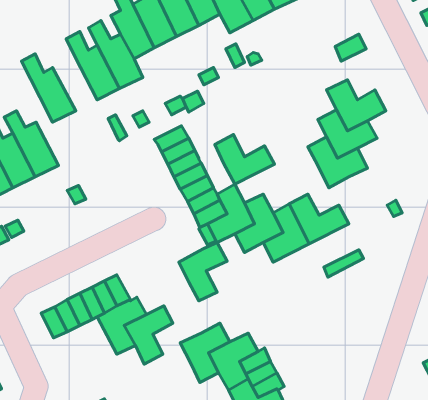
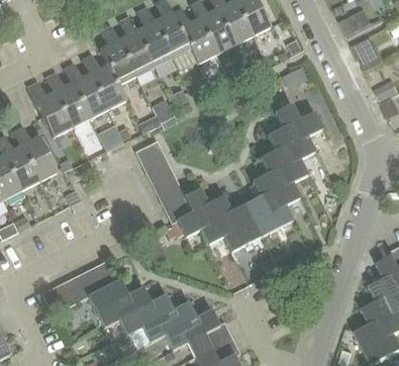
building: none -> [44,73,88,127]
building: [215,135,274,184] -> [253,172,301,212]
building: [179,242,227,301] -> [133,293,173,341]

